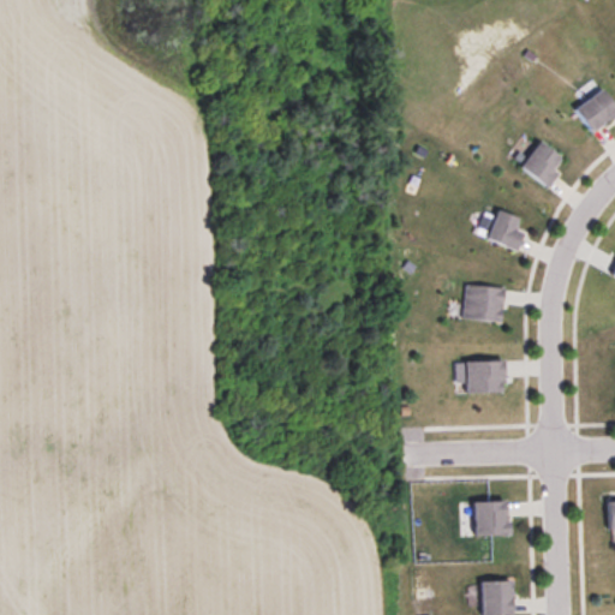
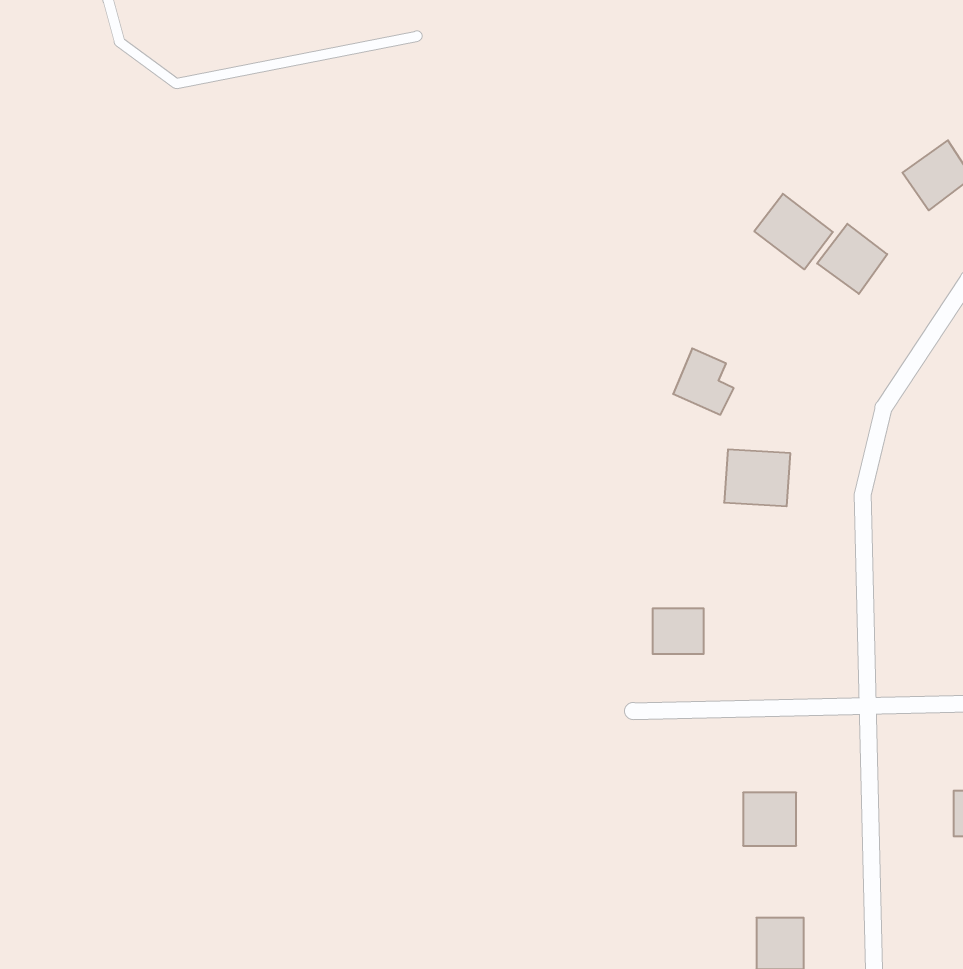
building: none -> [754,194,833,269]
building: [486,209,525,251] -> [673,348,734,415]
building: [470,363,502,392] -> [653,608,704,654]

